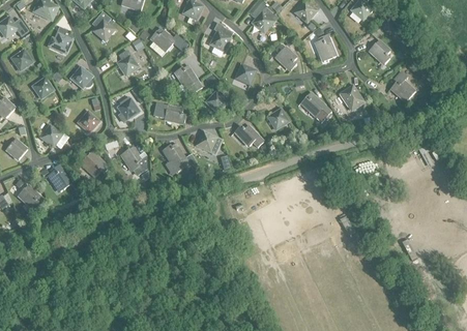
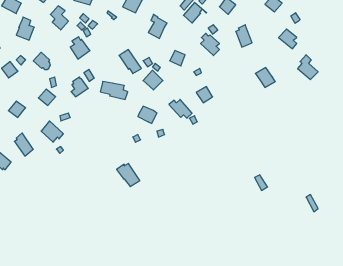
building: [148,26,186,52] -> none
building: [297,92,329,122] -> none
building: [159,143,187,171] -> [117,163,140,187]
building: [119,146,145,176] -> none

